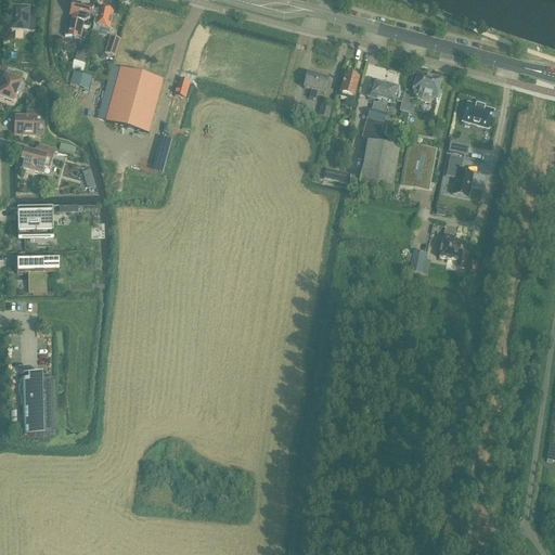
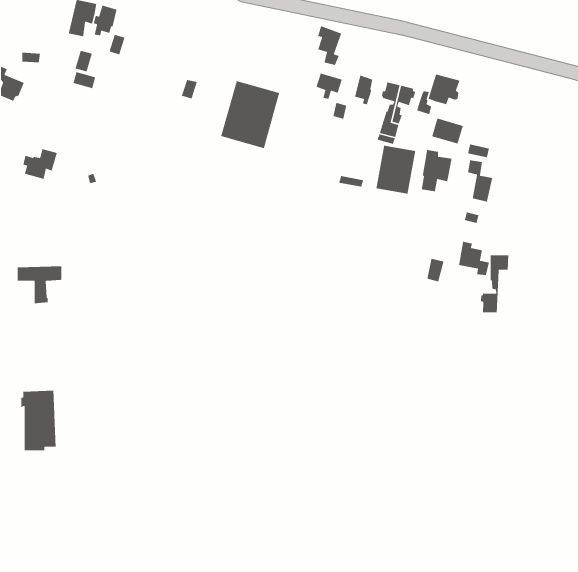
building: [12,4,36,28] -> none
building: none -> [317,25,342,66]
building: [105,64,163,130] -> [220,80,280,149]
building: [462,100,493,126] -> [431,118,464,145]
building: [14,106,41,132] -> none
building: [18,203,50,235] -> none
building: none -> [480,254,509,313]

